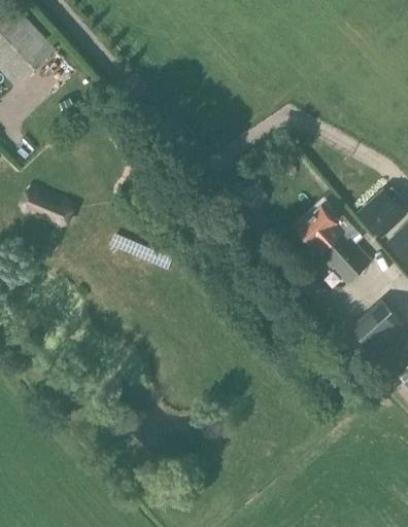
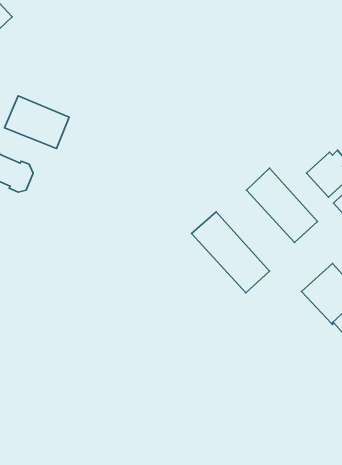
building: none -> [4,96,69,149]
building: none -> [191,212,270,293]

